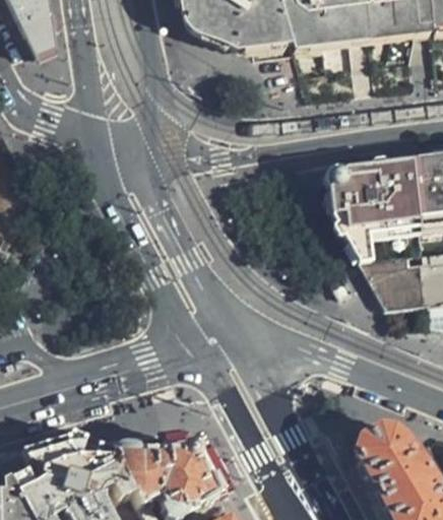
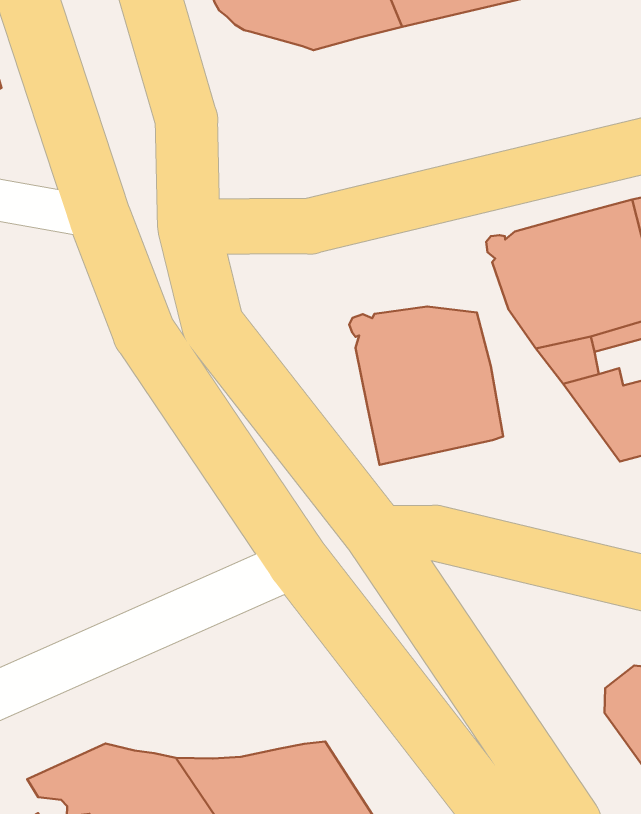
building: none -> [349,306,503,465]

